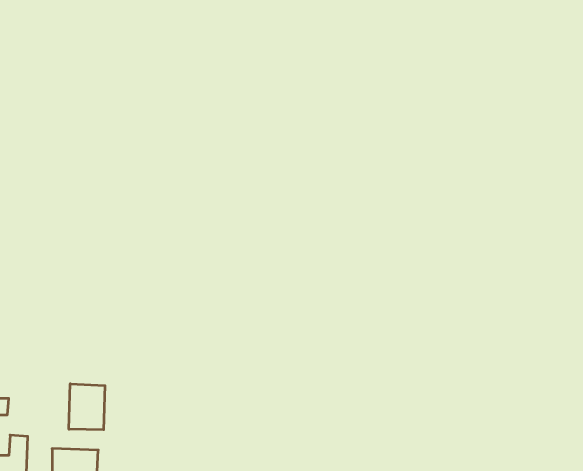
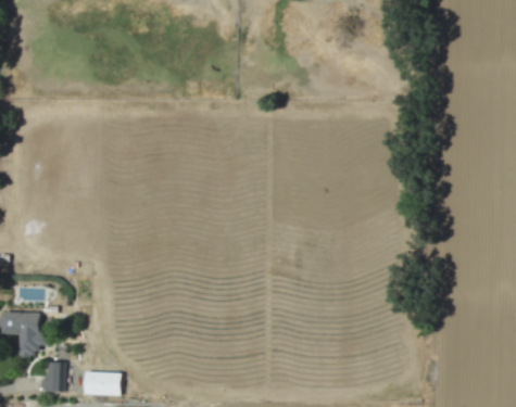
building: [69,384,105,430] -> none

